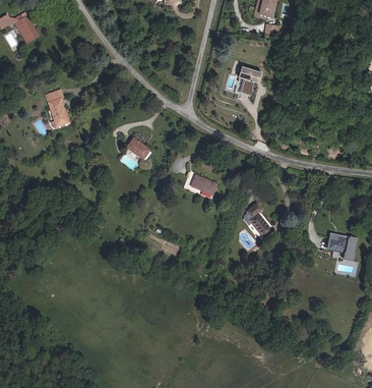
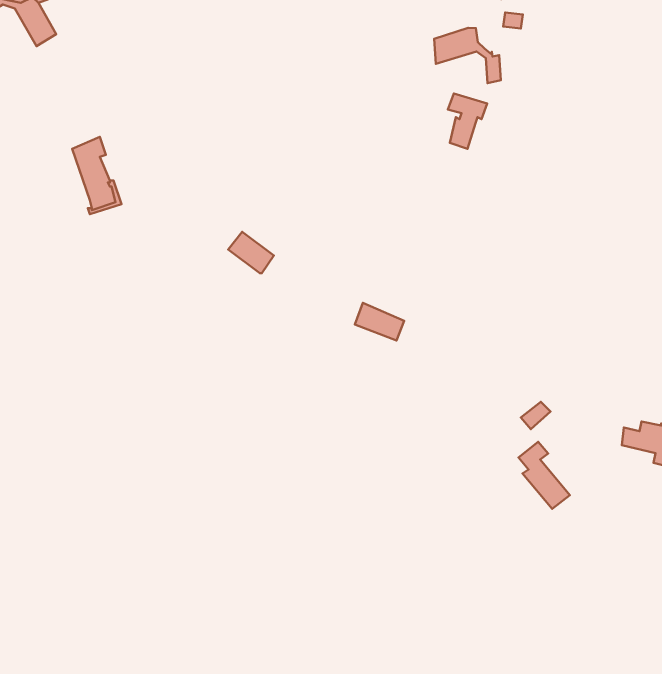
building: none -> [434,28,501,83]
building: [246,203,272,237] -> [519,442,570,509]

